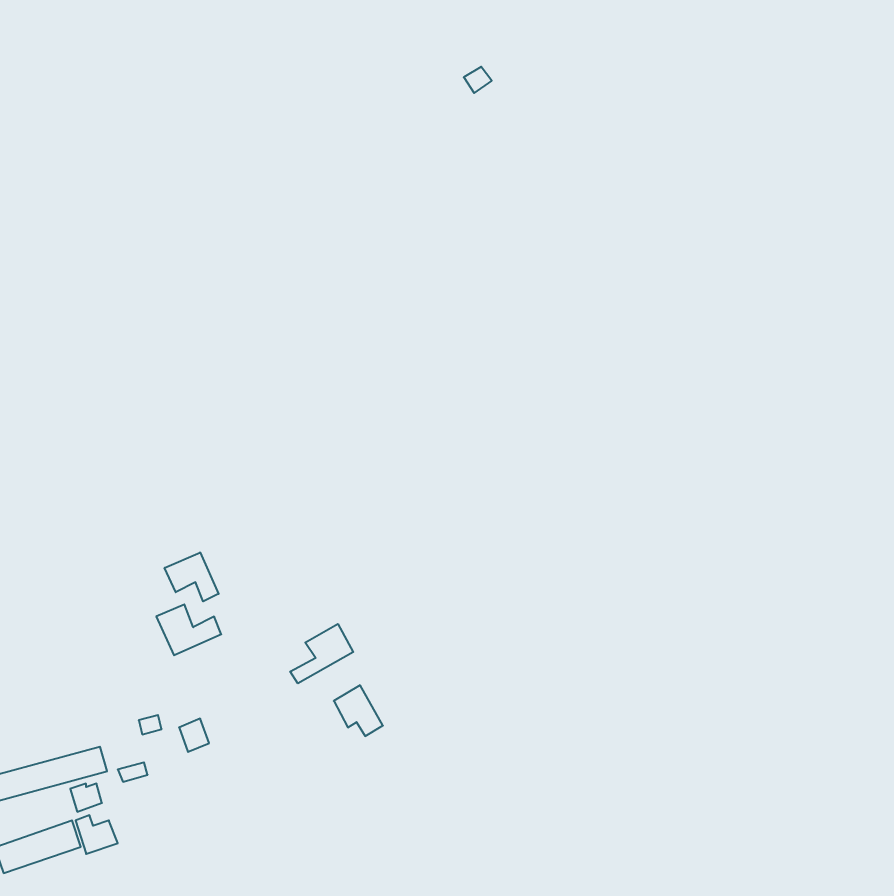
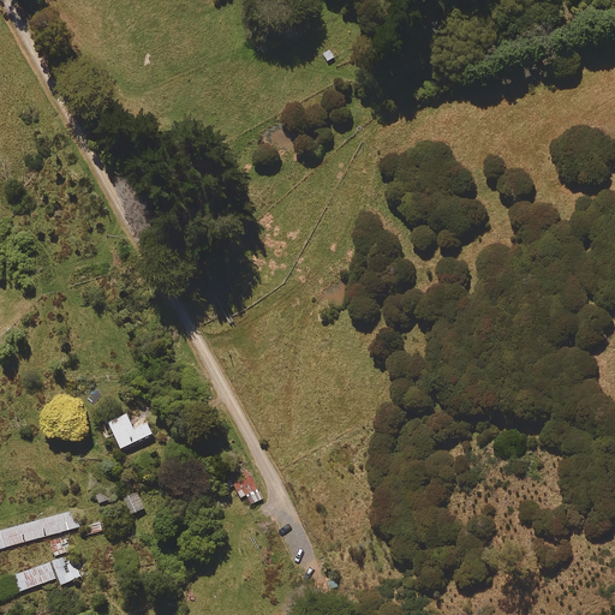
building: [165,552,219,601] -> none
building: [290,624,353,683] -> none

